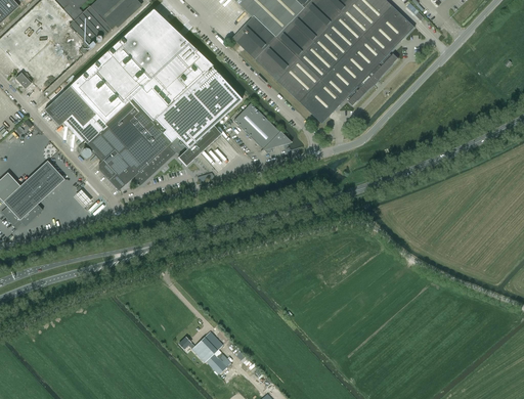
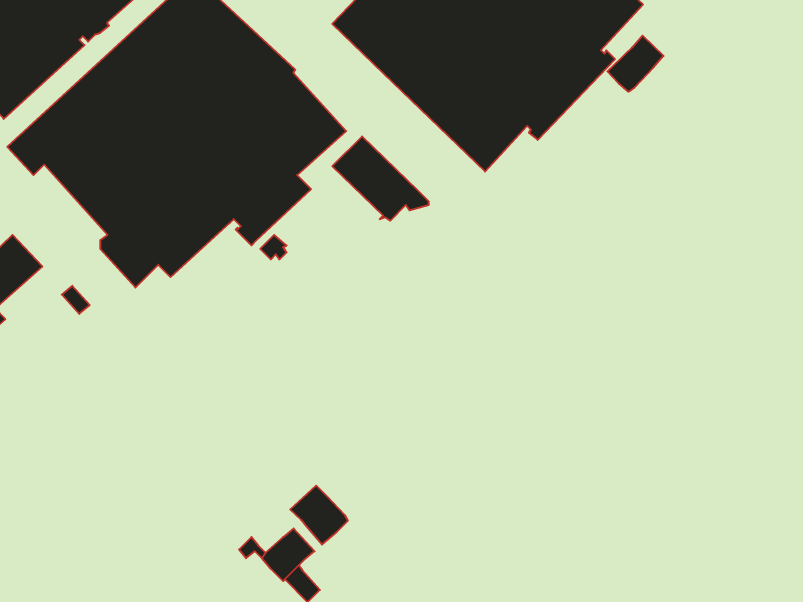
building: none -> [607,36,664,92]
building: none -> [290,486,348,545]

